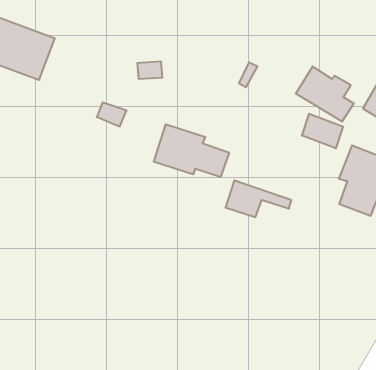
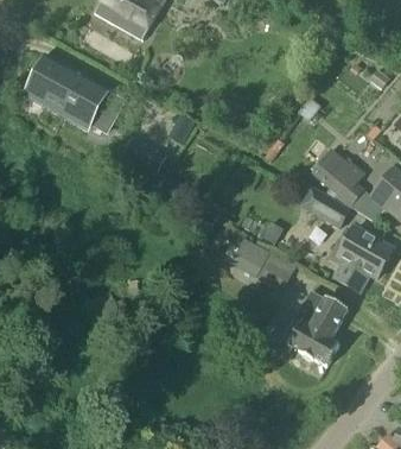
building: [154,124,229,177] -> none
building: none -> [287,290,348,366]

